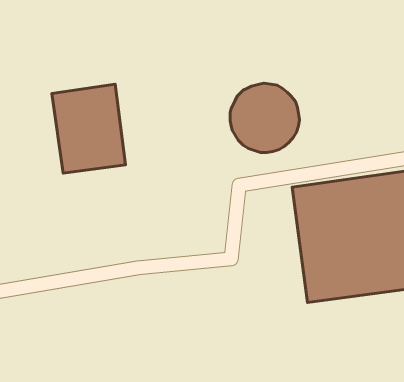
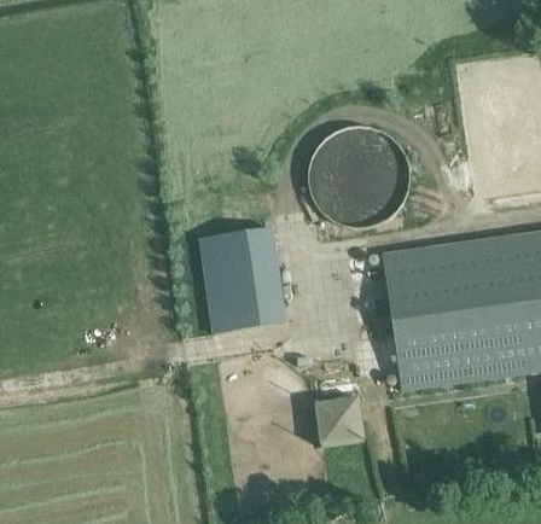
building: [52,84,125,173] -> [198,229,285,334]
building: none -> [318,397,365,442]

